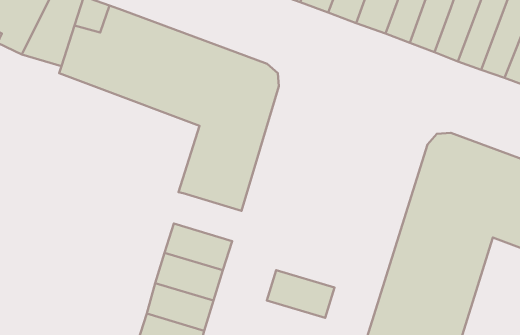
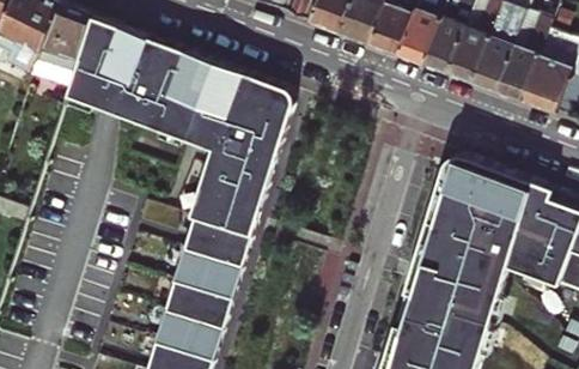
building: [267,270,335,318] -> [183,219,252,268]

